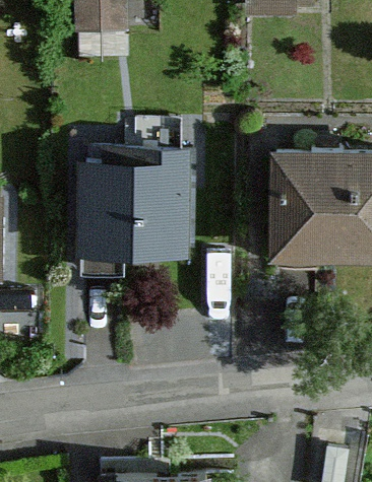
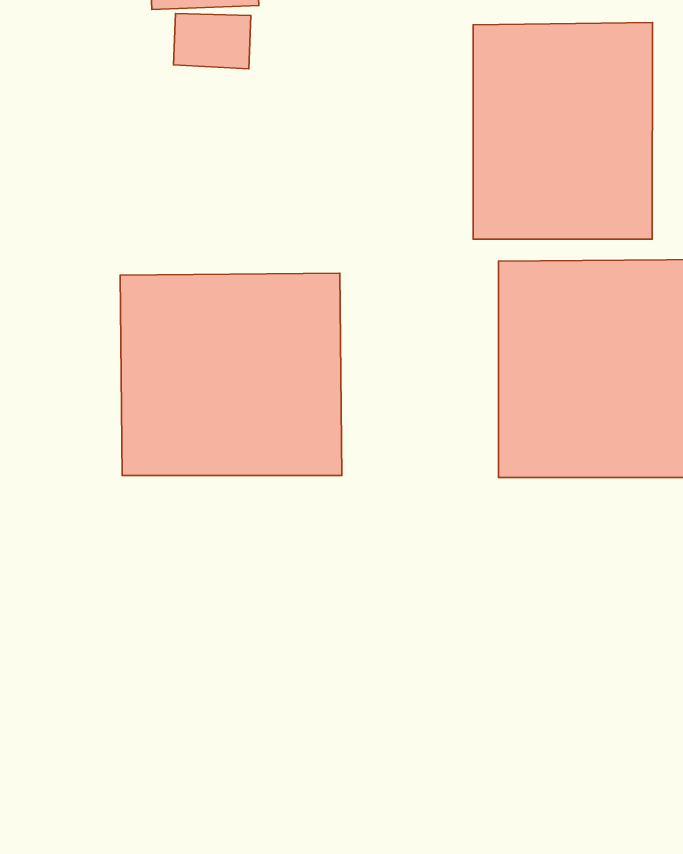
building: none -> [473,23,652,239]

